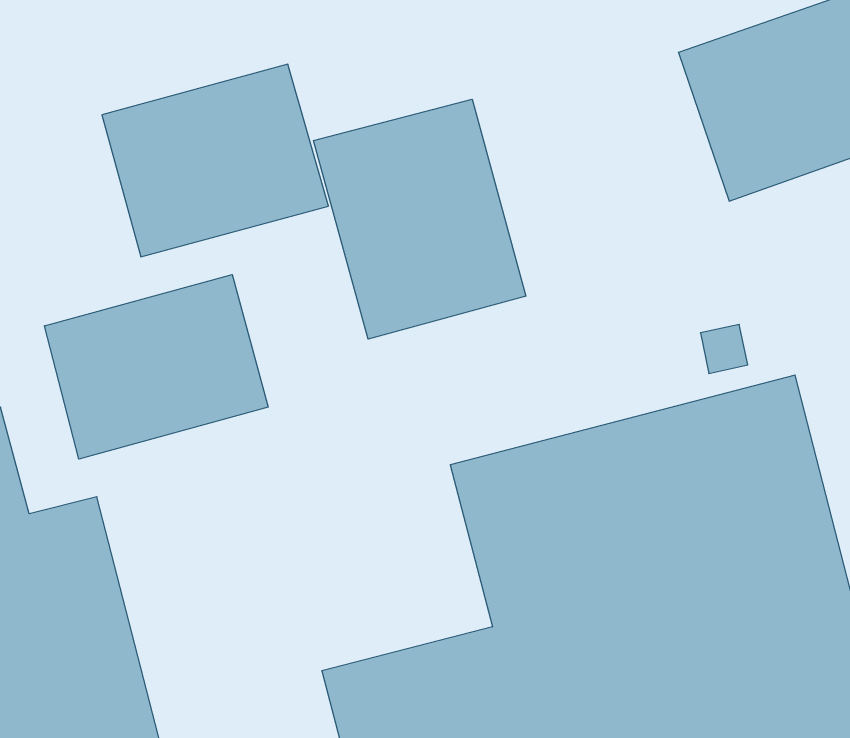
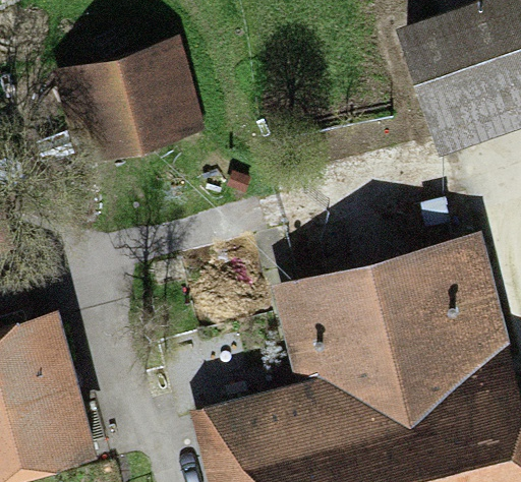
building: [313,99,526,339] -> none
building: [44,275,268,459] -> none

